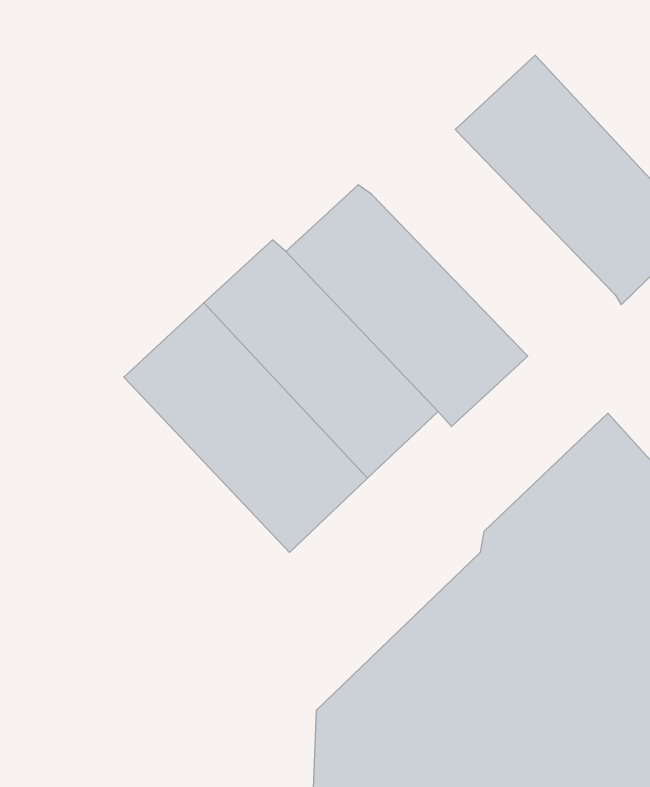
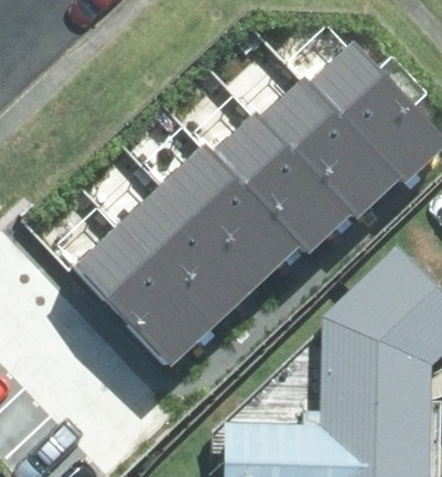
building: none -> [259,79,400,221]
building: none -> [72,227,212,368]

